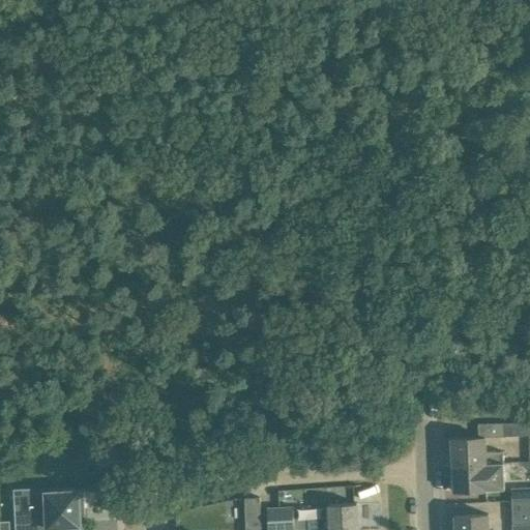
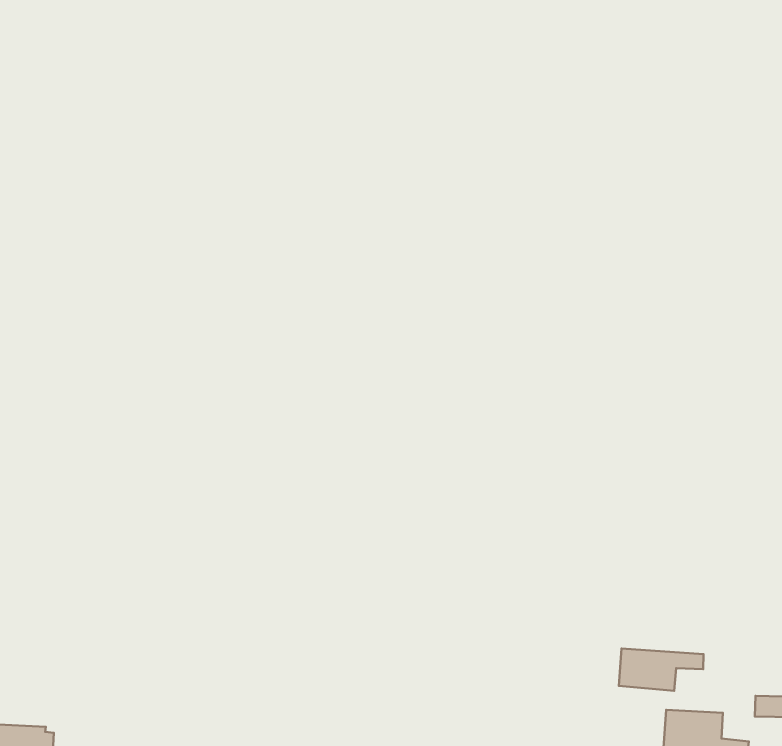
building: none -> [619,648,703,691]

